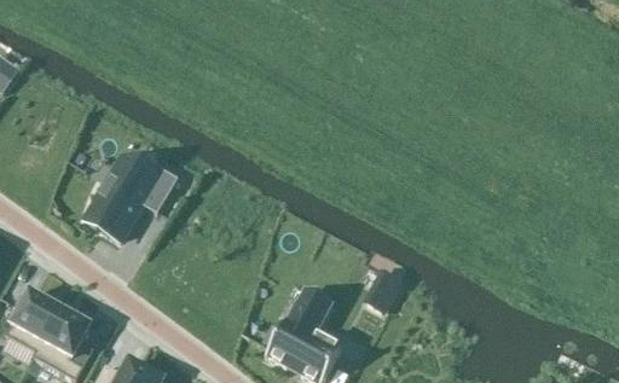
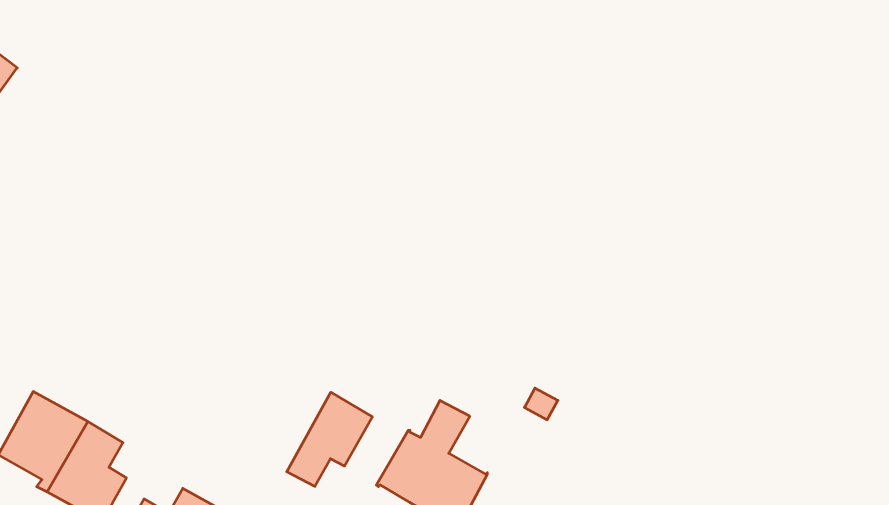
building: [81,152,179,244] -> none
building: none -> [287,392,372,486]

